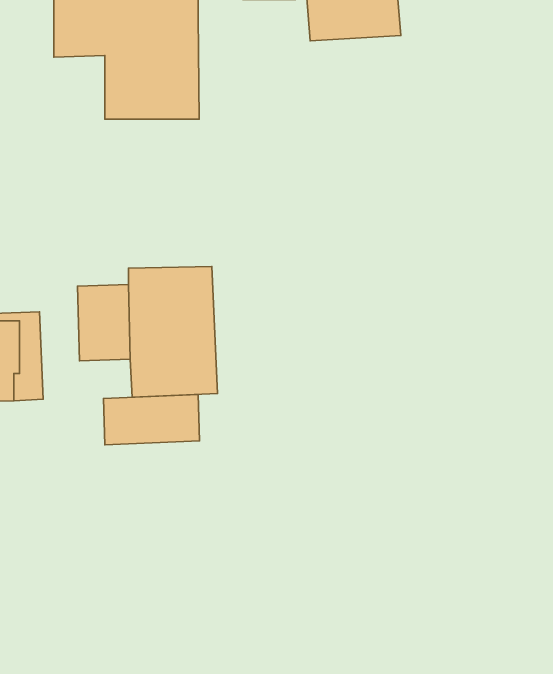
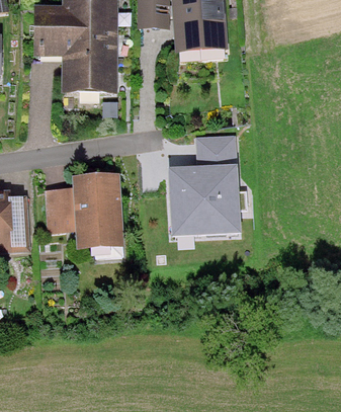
building: none -> [170,135,240,233]
building: [103,394,199,445] -> none

